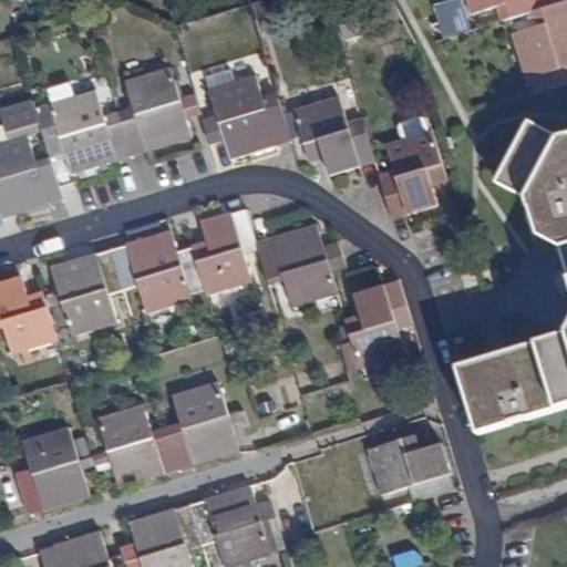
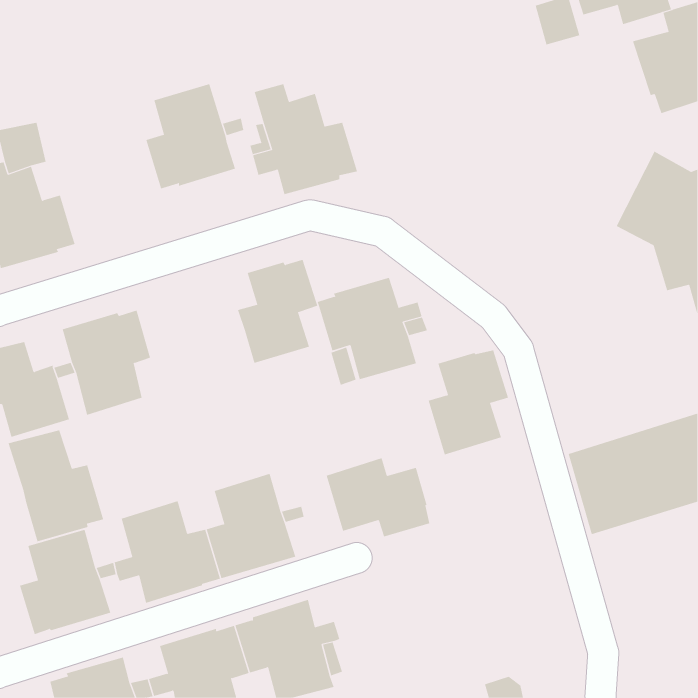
building: [43,91,130,173] -> none
building: [293,96,373,173] -> none
building: [379,131,445,215] -> none
building: [111,230,197,312] -> none
building: none -> [8,430,104,542]
building: [367,434,451,498] -> [326,458,430,537]

